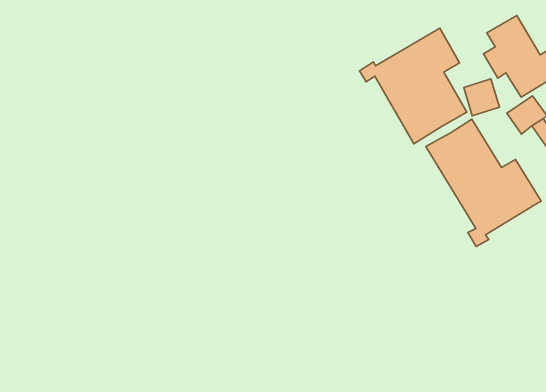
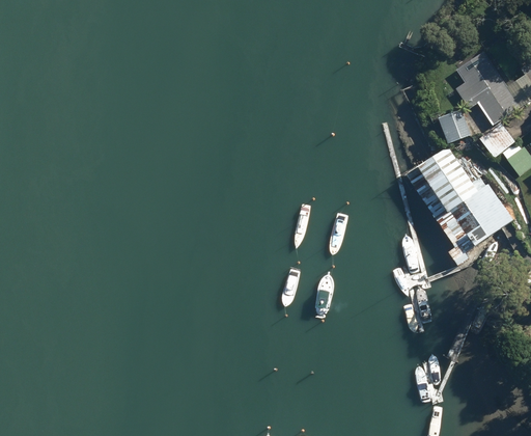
building: [359,28,467,144] -> none

